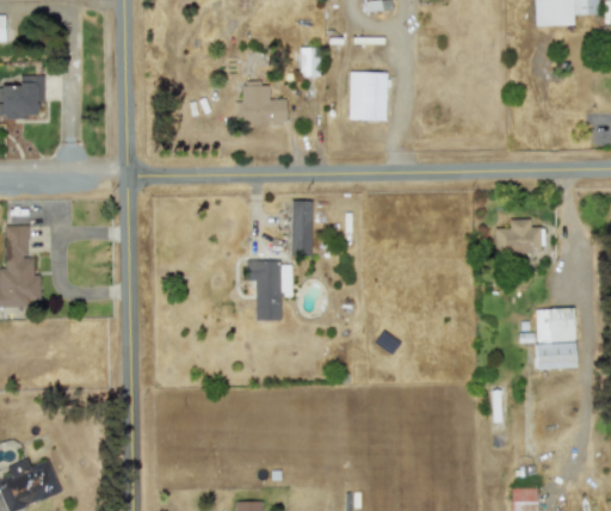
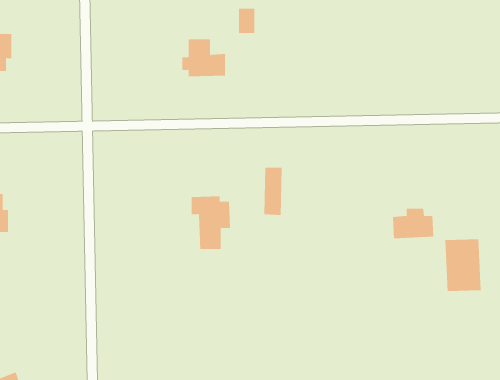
building: [348,72,387,121] -> none
building: [291,201,313,256] -> [264,167,283,216]
building: [494,218,542,253] -> [392,208,434,239]

